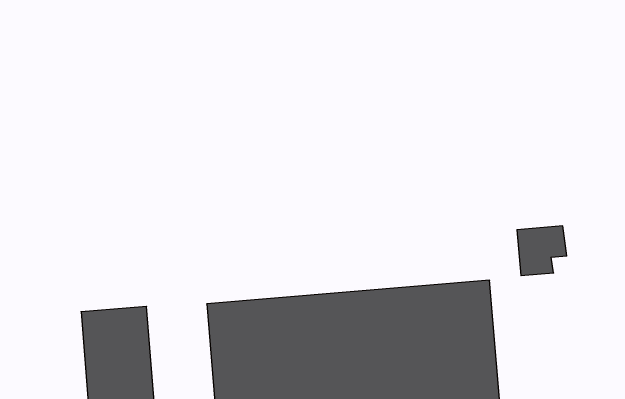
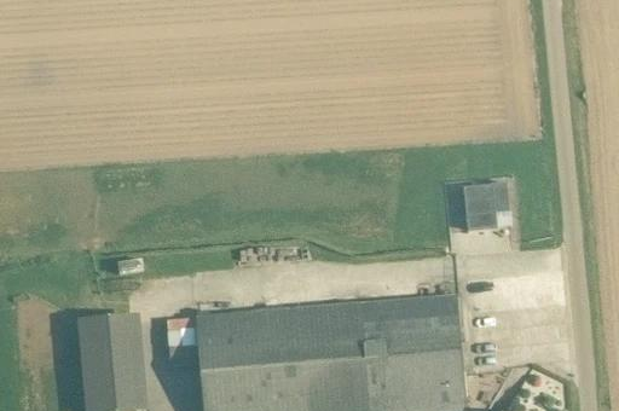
building: [517,226,567,276] -> [462,180,508,226]

